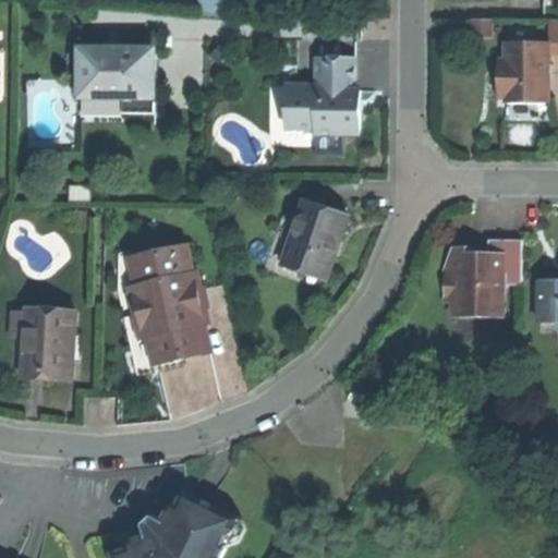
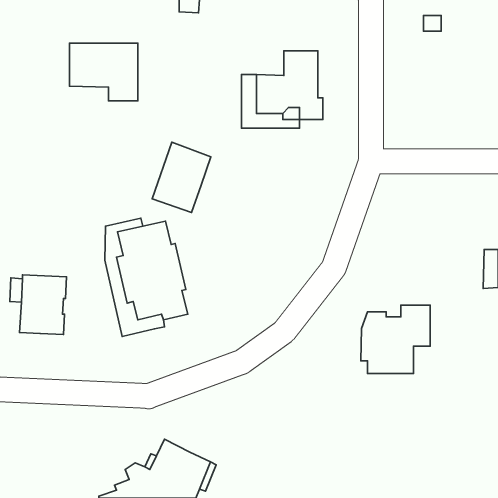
building: [500,41,548,96] -> none
building: [282,199,348,278] -> [152,142,211,213]
building: [444,239,521,315] -> [361,305,430,373]

